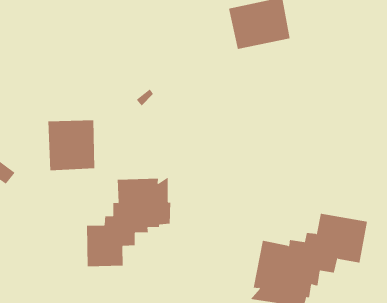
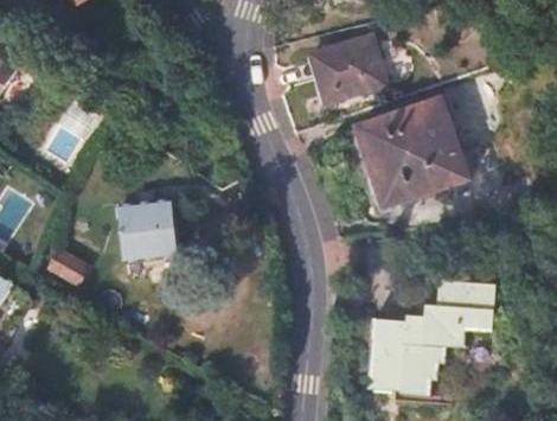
building: none -> [345,102,466,211]
building: [87,177,171,267] -> none

